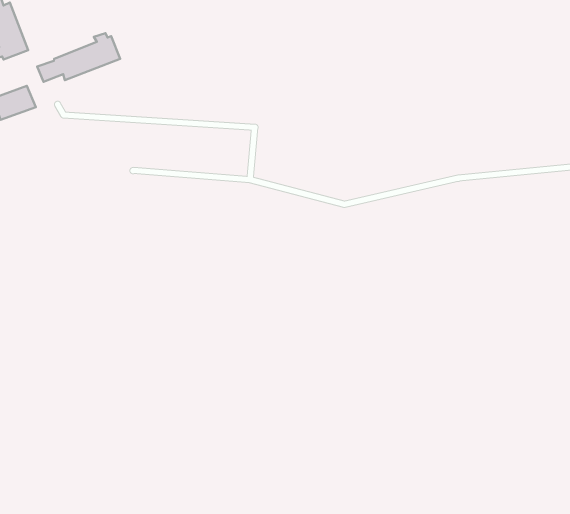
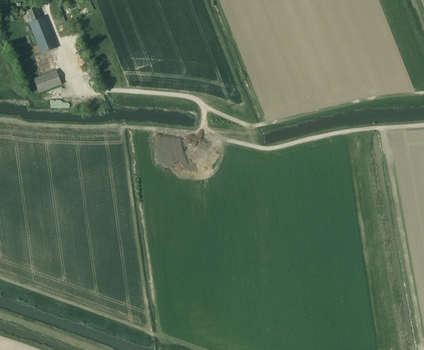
building: [37,33,120,82] -> none

